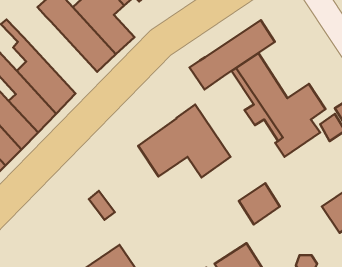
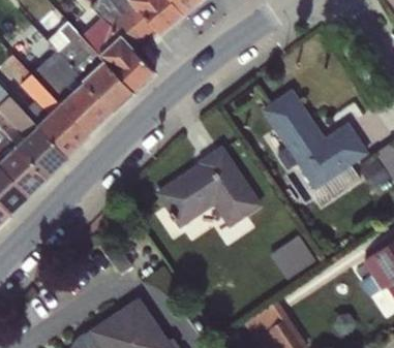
building: none -> [31,51,113,135]
building: [190,20,275,89] -> none

